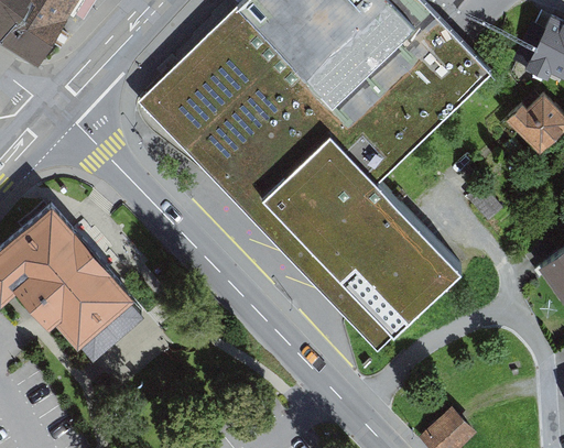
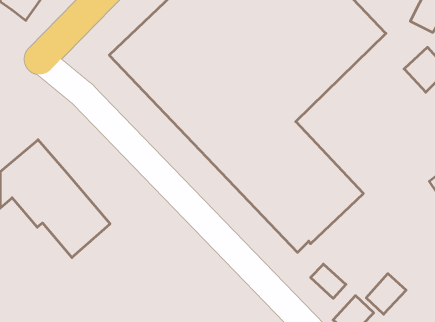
building: none -> [311,264,346,298]
building: none -> [366,274,406,314]

